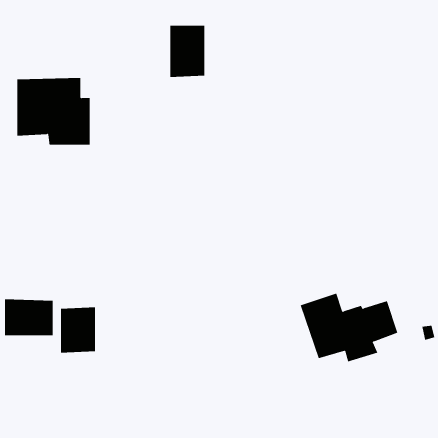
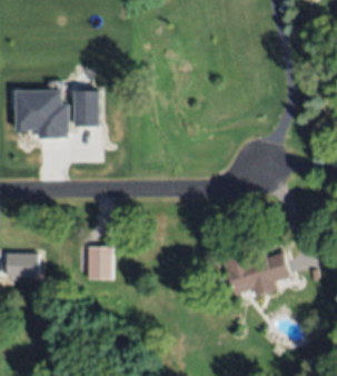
building: [170,25,205,77] -> [75,90,100,128]
building: [60,307,96,353] -> [87,246,112,279]

